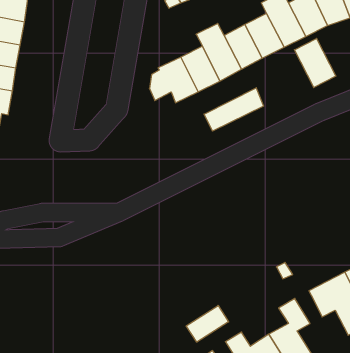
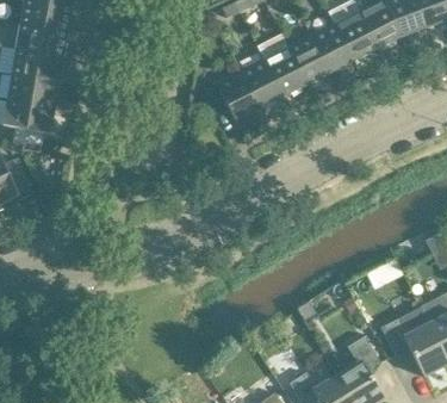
building: [294,38,336,88] -> none
building: [204,88,264,131] -> none
building: [186,305,229,342] -> none

